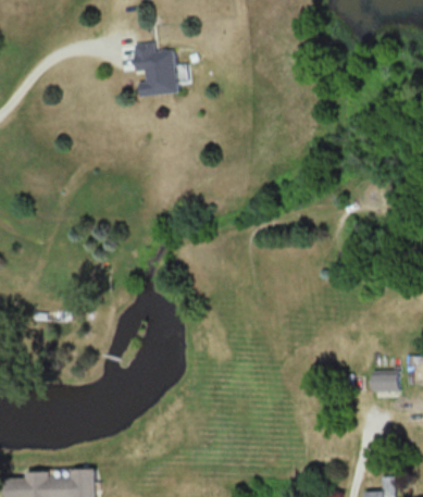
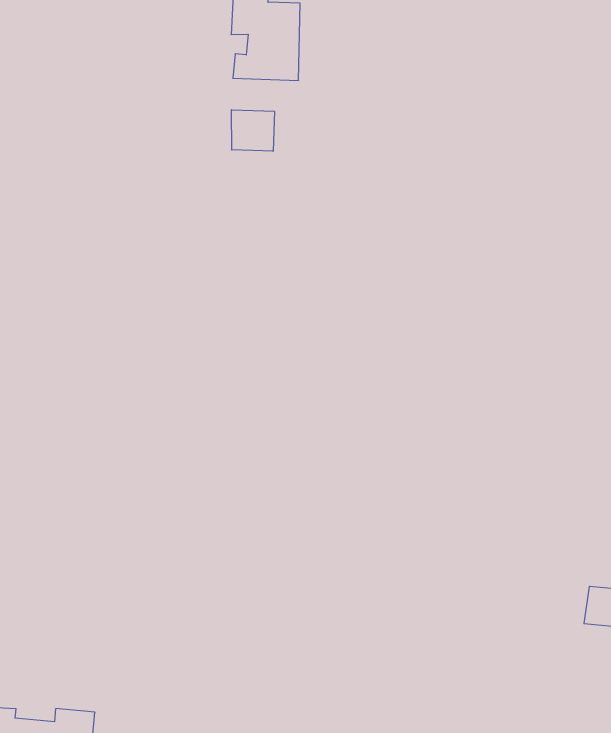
building: none -> [232,110,274,151]

